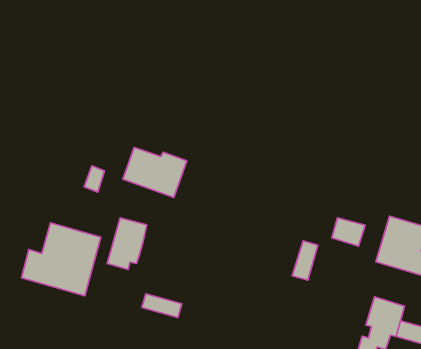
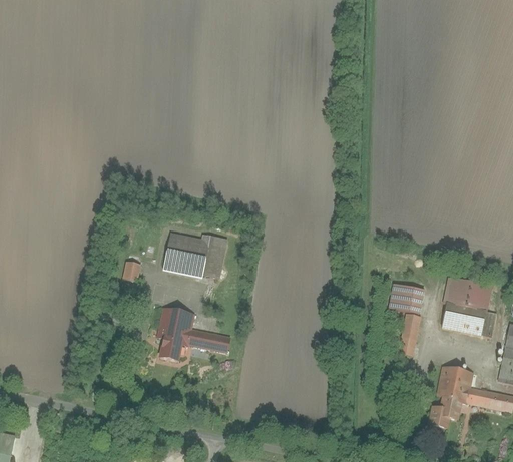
building: [21,223,101,296] -> none
building: [292,241,318,280] -> [397,314,421,355]
building: [142,294,182,318] -> [187,330,229,352]

